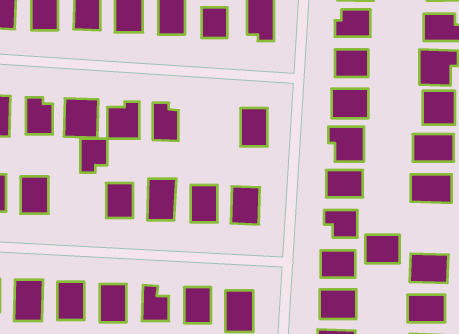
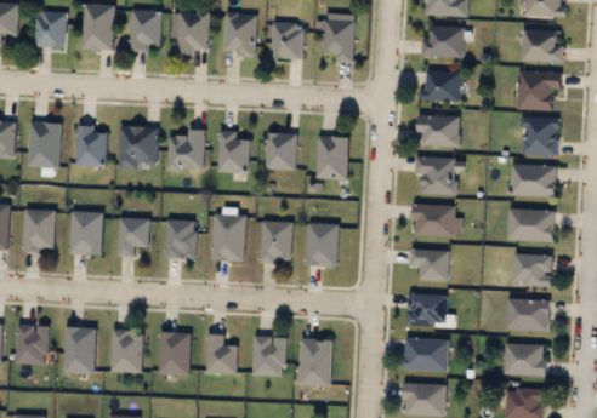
building: none -> [266,132,296,170]
building: [80,139,107,173] -> [119,218,149,256]
building: [365,235,400,263] -> [513,254,552,286]

